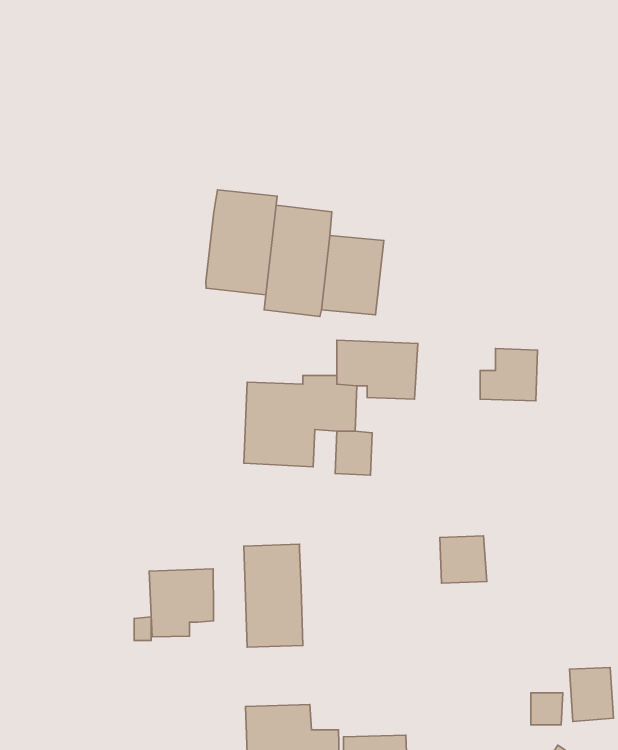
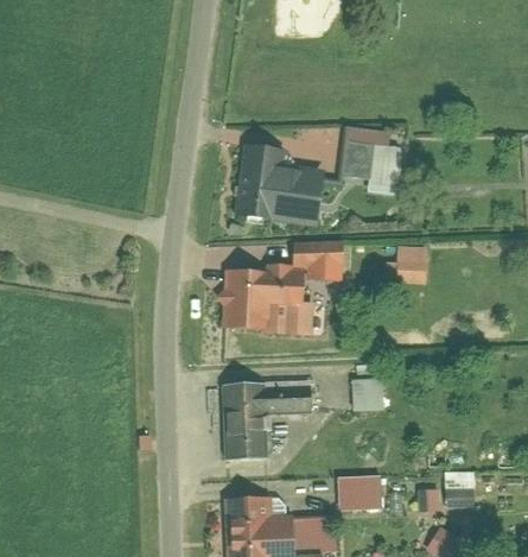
building: none -> [339,126,400,197]
building: [206,190,277,295] -> none
building: none -> [261,385,312,414]
building: [149,569,214,637] -> none
building: none -> [338,477,384,509]

